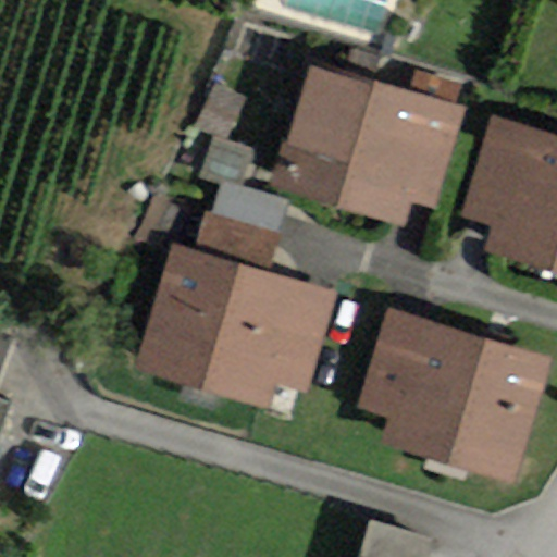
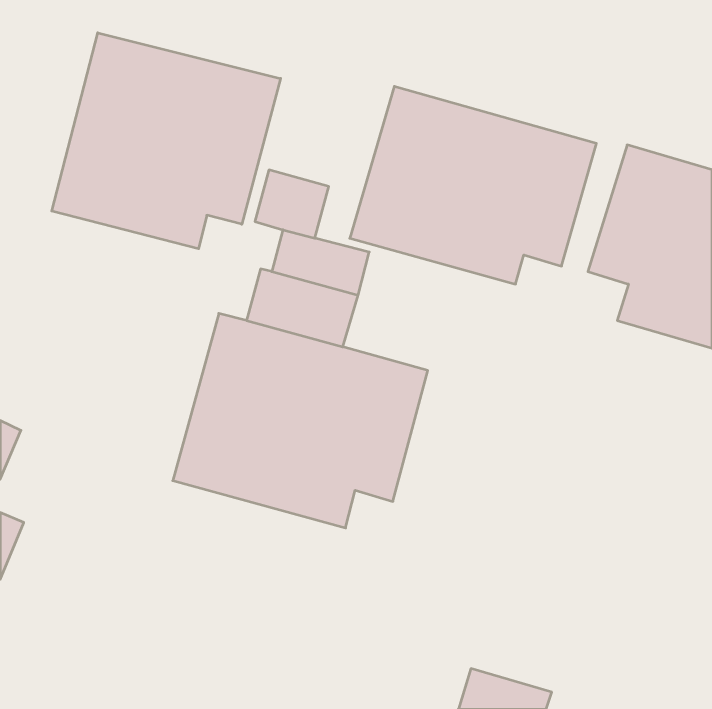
building: none -> [52,33,281,249]
building: [356,305,548,482] -> none

